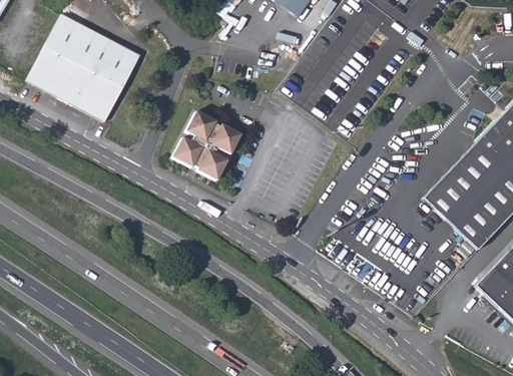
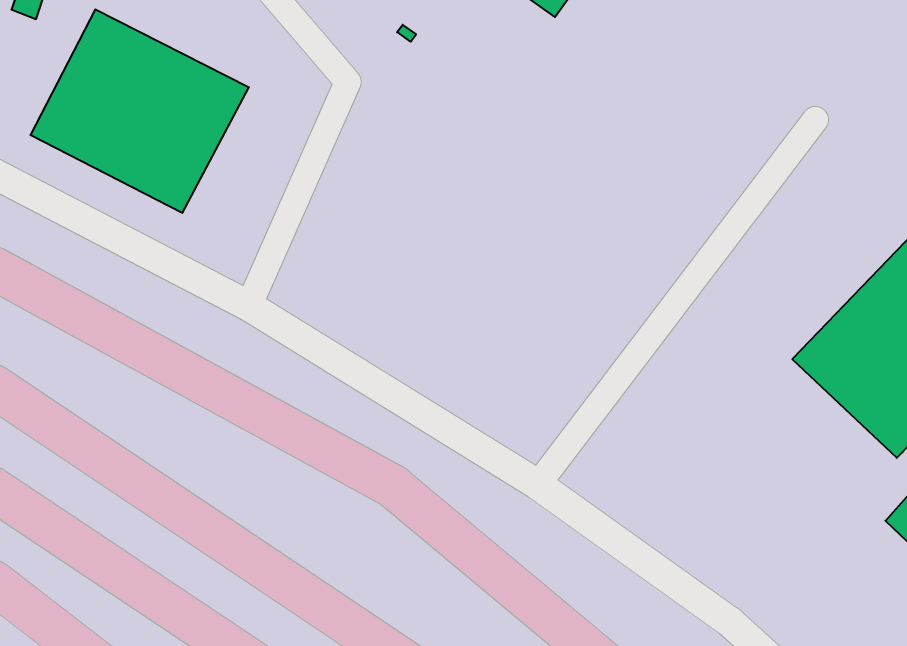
building: [170,111,238,180] -> none

